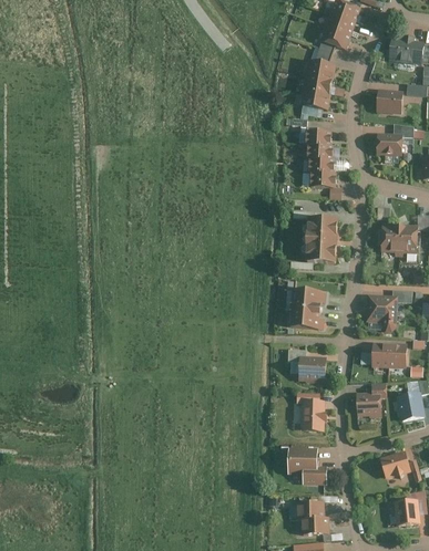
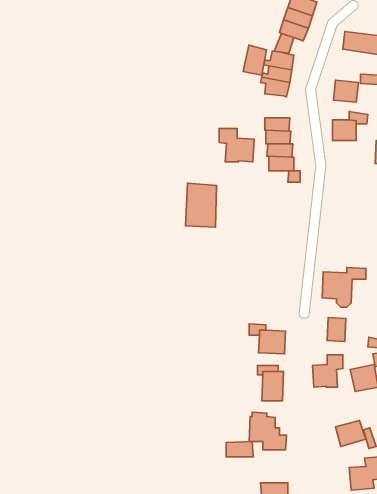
building: none -> [243,45,266,75]
building: none -> [219,128,254,162]
building: [305,216,338,262] -> [185,183,217,227]
building: [379,222,417,253] -> none
building: [287,289,326,330] -> none
building: [389,344,408,370] -> none
building: [295,502,324,519] -> [226,441,253,457]

